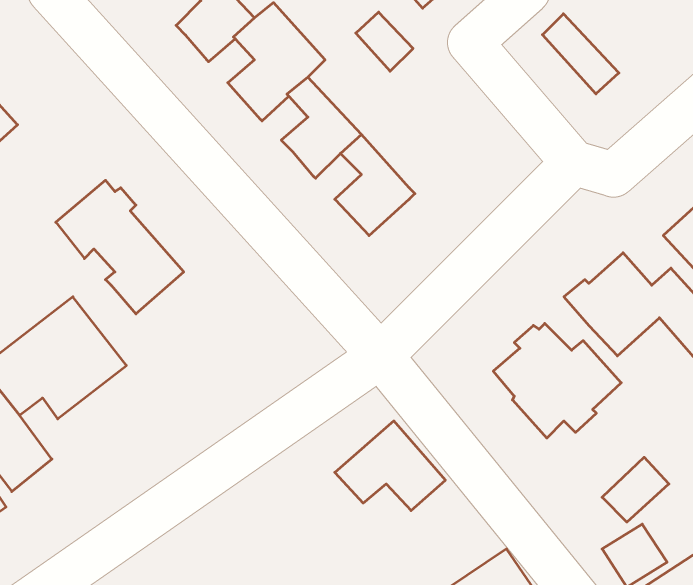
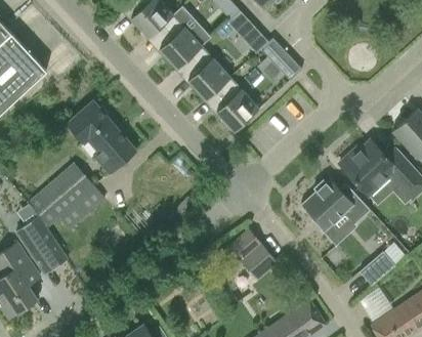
building: [542,14,619,94] -> [261,38,302,81]

